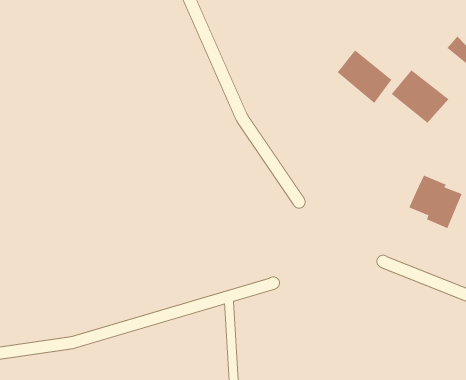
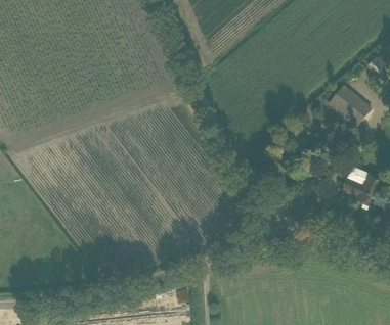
building: [337,50,392,104] -> none

